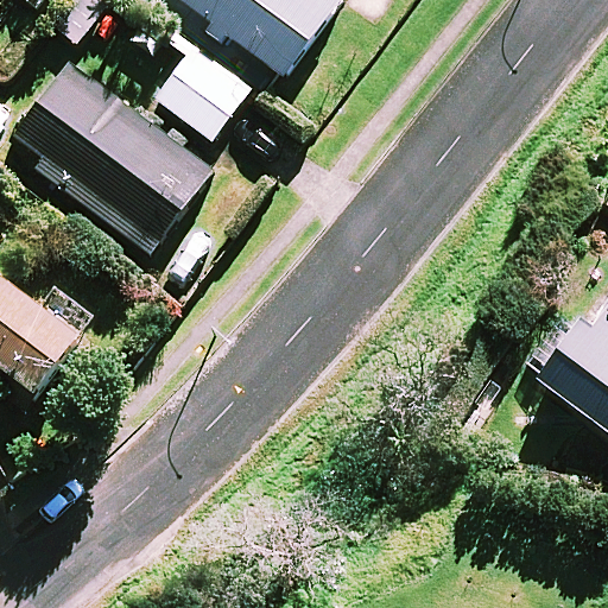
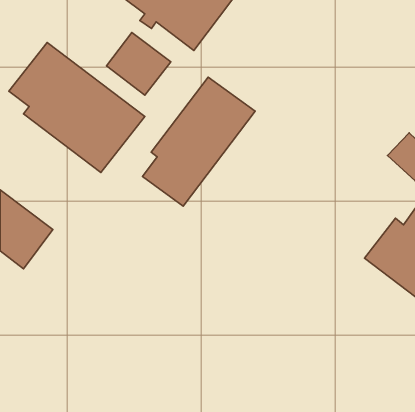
building: none -> [142,77,255,206]

